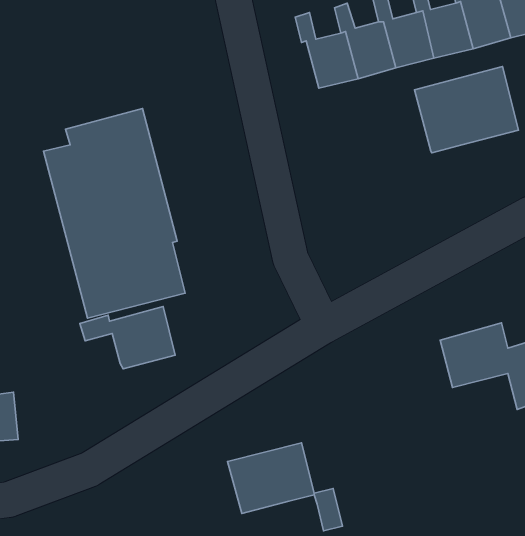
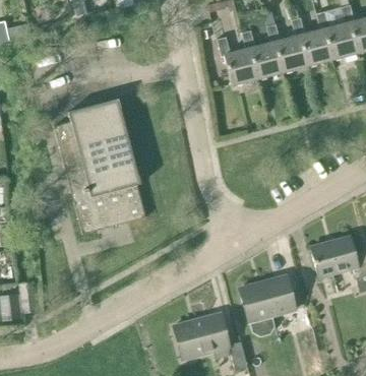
building: [414,66,519,153] -> none
building: [80,307,175,369] -> none
building: none -> [239,275,313,334]

